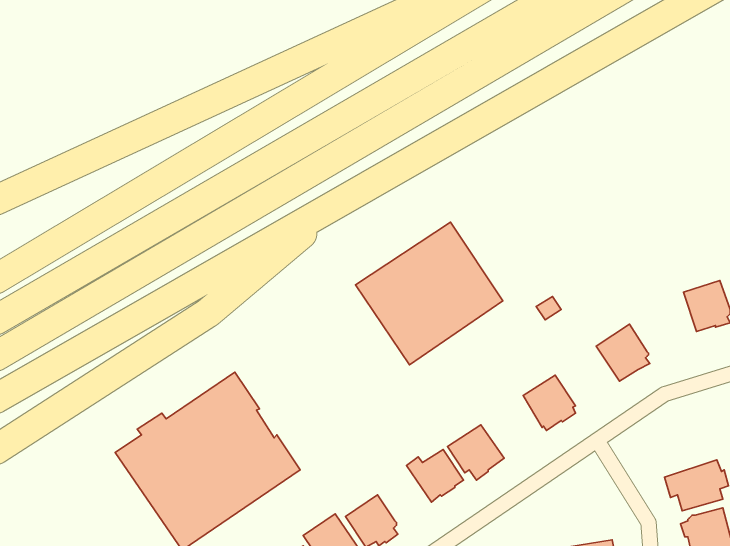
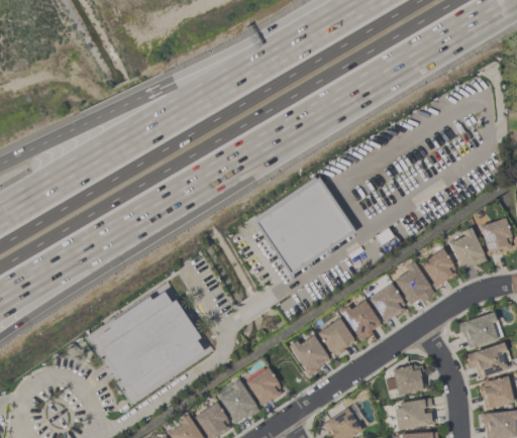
building: none -> [449,227,488,269]
building: none -> [394,261,435,305]
building: none -> [340,300,382,341]
building: none -> [458,311,504,349]
building: none -> [387,364,426,396]

